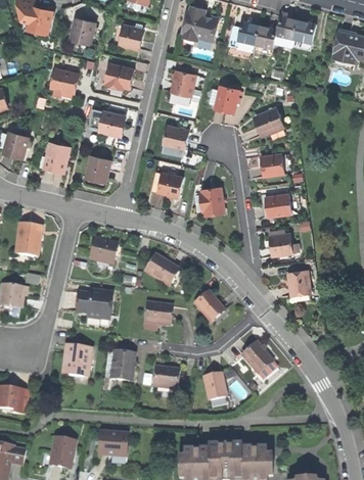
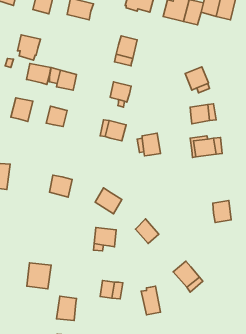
building: [104,63,134,89] -> [26,63,51,84]
building: [214,85,241,113] -> none
building: [269,233,292,254] -> none
building: [79,290,112,320] -> none
building: [109,350,134,380] -> [56,296,77,320]

